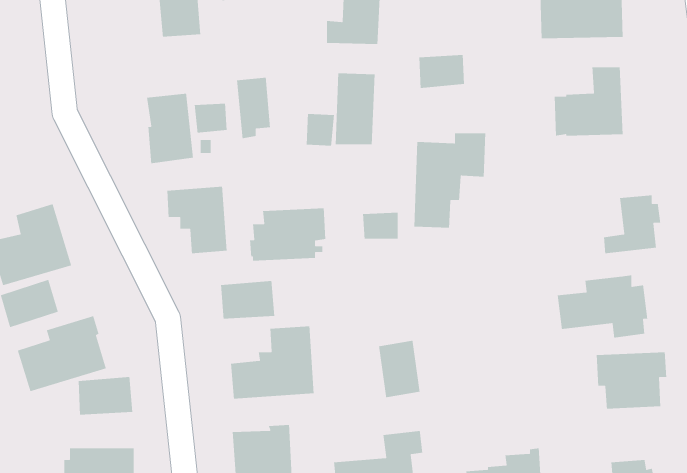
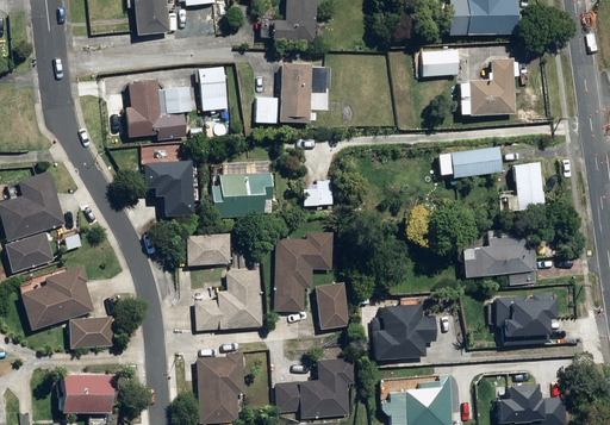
building: [418,54,465,89] -> [422,49,460,77]
building: [414,133,486,229] -> [274,232,334,311]
building: none -> [450,146,503,179]
building: none -> [373,299,432,355]

